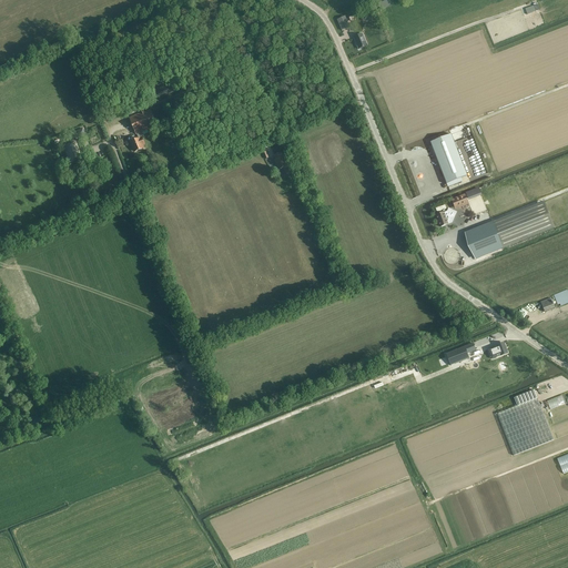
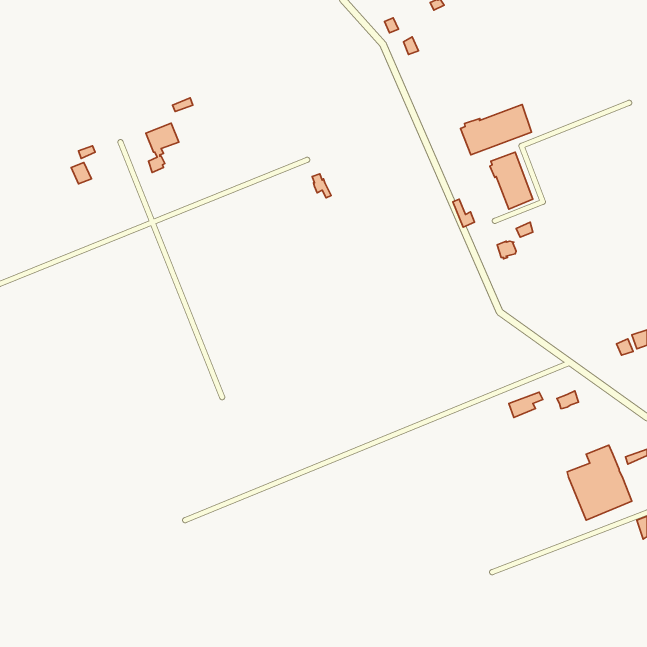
building: none -> [461,105,531,155]
building: [465,201,554,257] -> none

